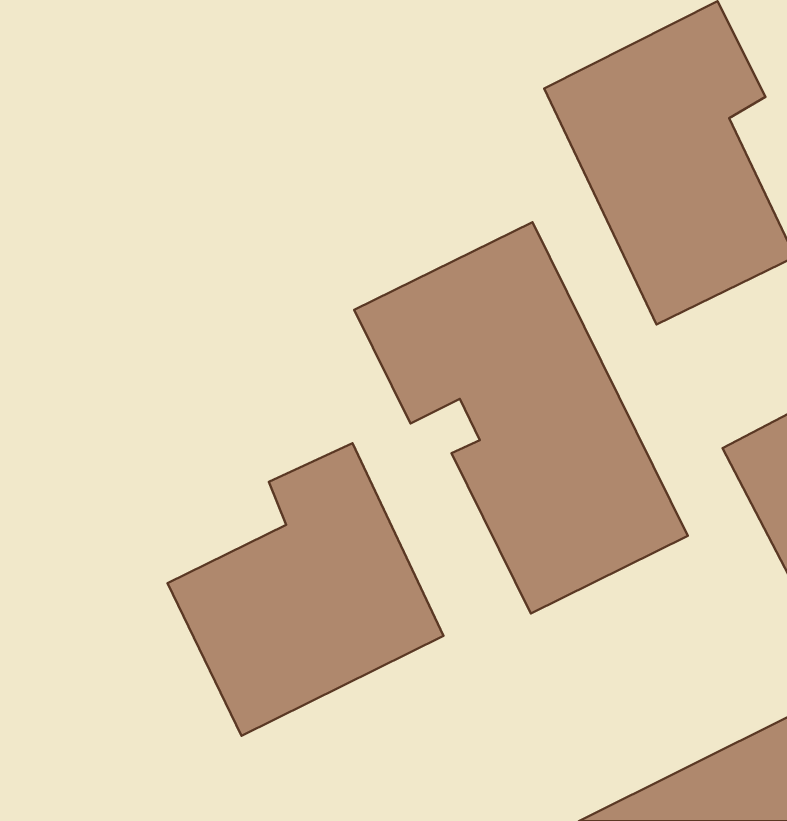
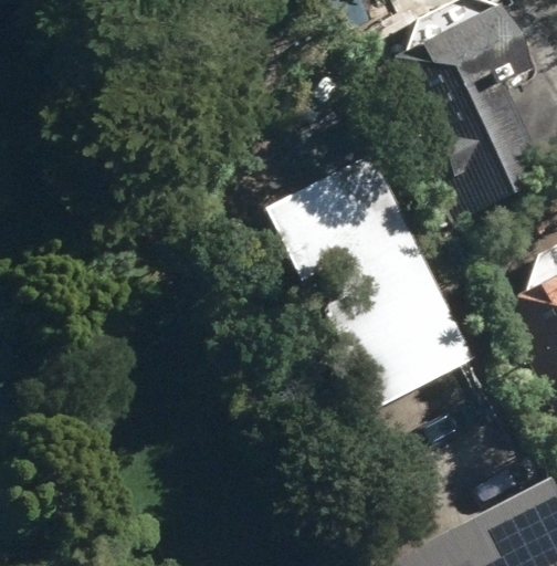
building: [168,443,444,736] -> none

